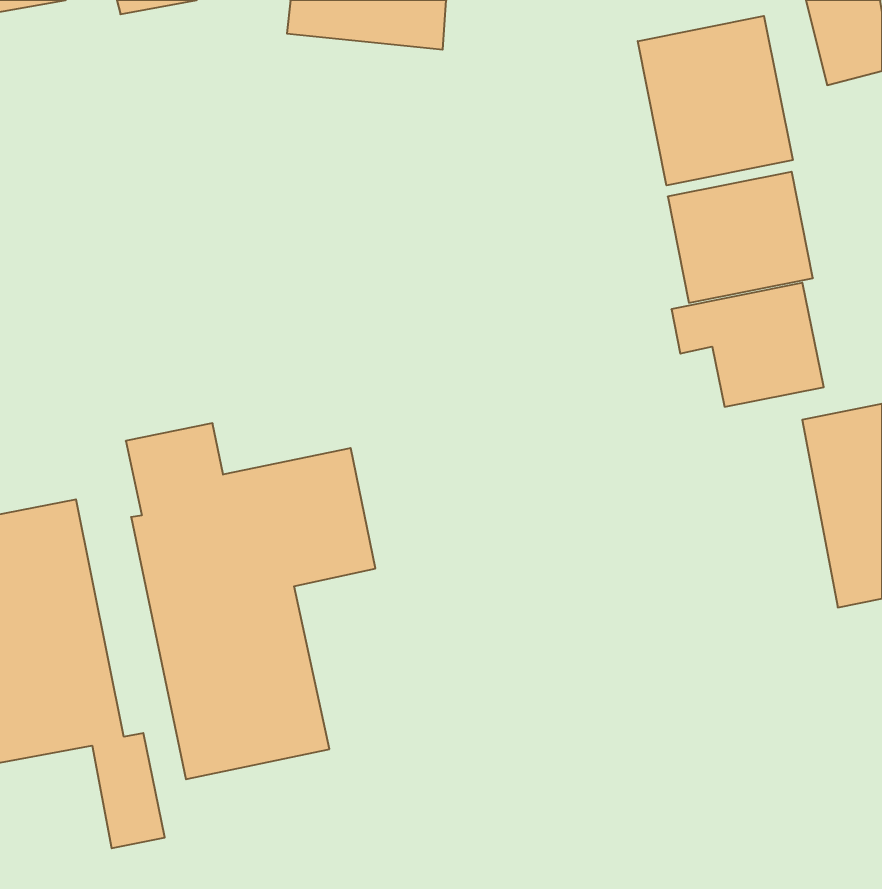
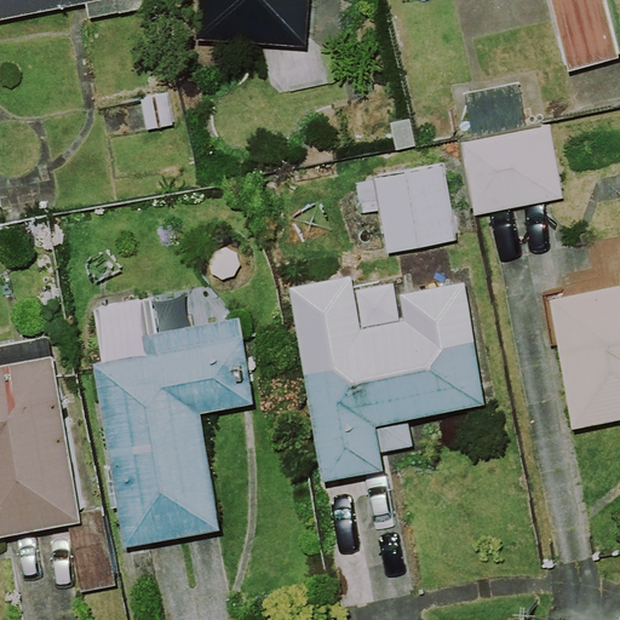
building: [638,16,793,185] -> none
building: [671,283,824,407] -> [345,170,449,254]
building: none -> [291,276,486,473]

